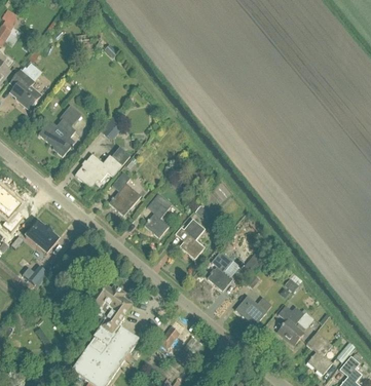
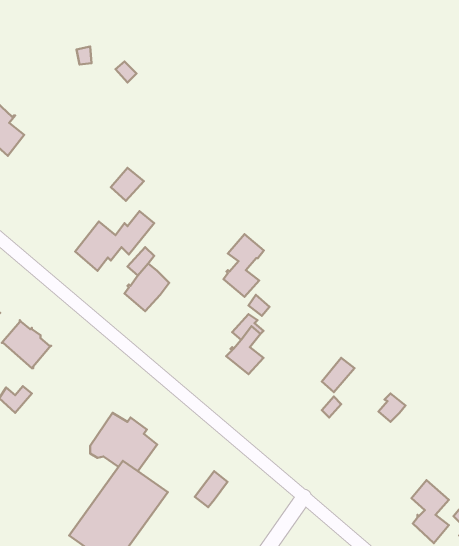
building: [38,109,76,155] -> none
building: [144,193,172,236] -> [223,234,264,297]
building: [208,250,232,290] -> none
building: [235,295,271,324] -> none
building: [277,305,304,344] -> none

